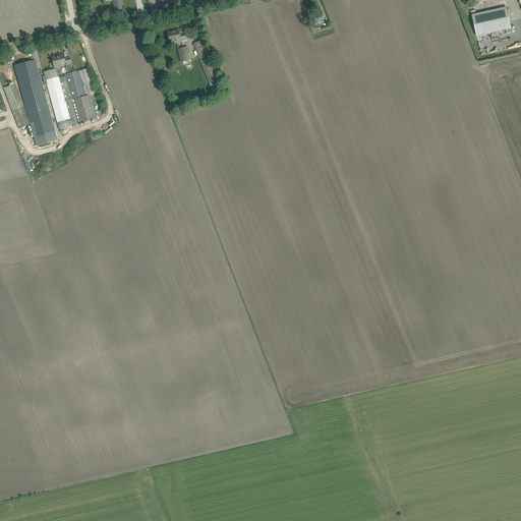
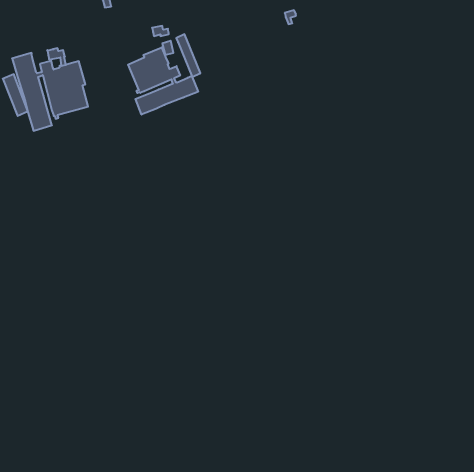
building: [472,5,511,35] -> none
building: none -> [128,47,198,115]

